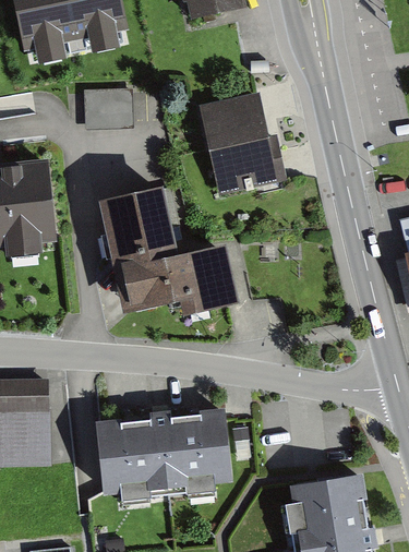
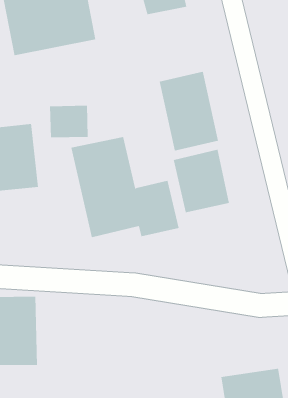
building: [80,88,130,130] -> [49,105,89,138]
building: none -> [173,149,230,213]
building: [94,408,220,490] -> none

